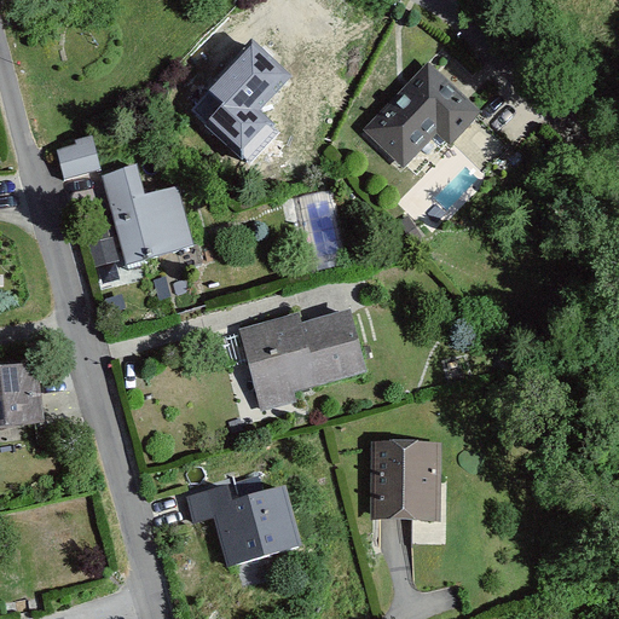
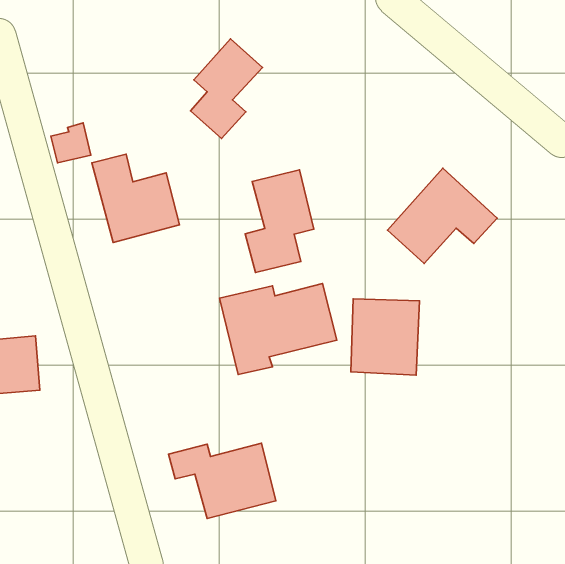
building: [364,64,484,168] -> [388,168,497,263]
building: none -> [245,170,314,273]
building: [368,439,442,522] -> [351,299,419,375]

